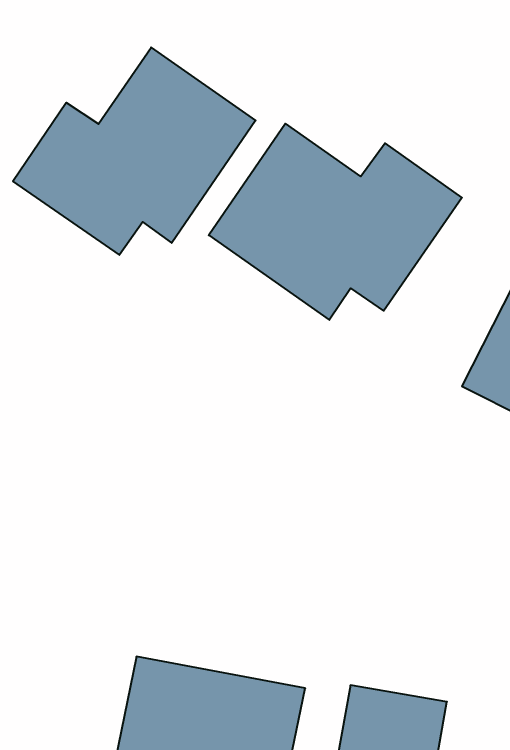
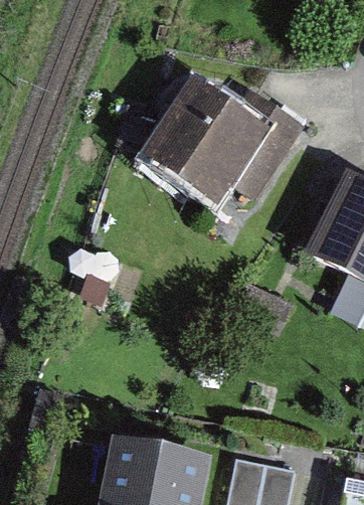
building: [13,47,256,255] -> none

